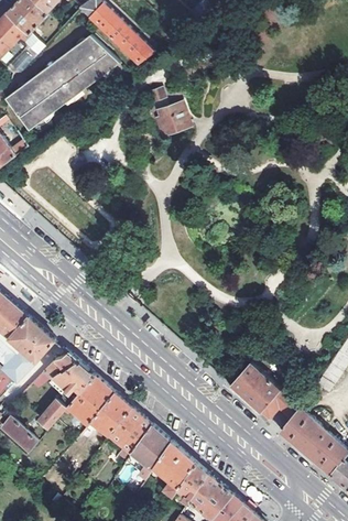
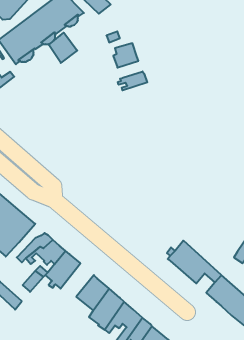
building: none -> [49,33,77,63]
building: none -> [118,71,147,90]
building: [78,391,131,441] -> none

